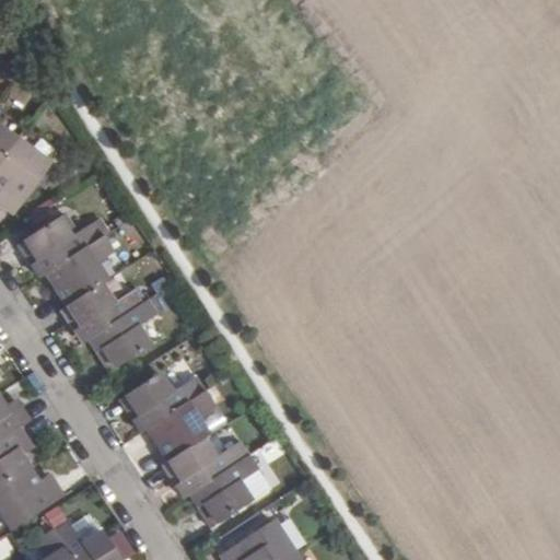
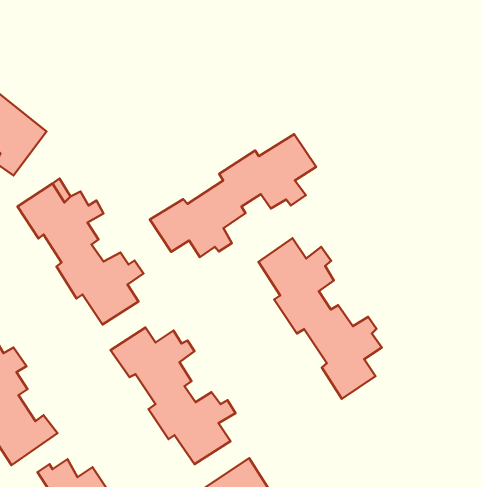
building: none -> [150,134,316,257]
building: none -> [258,238,382,399]

